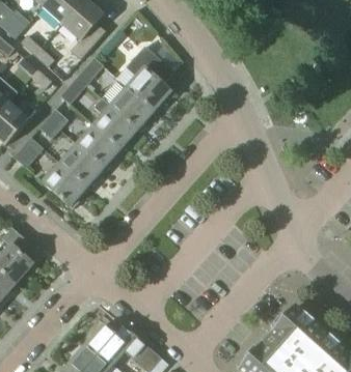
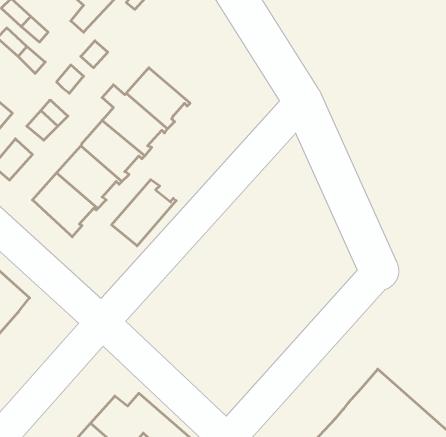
building: [126,46,174,111] -> none
building: none -> [112,180,176,246]

